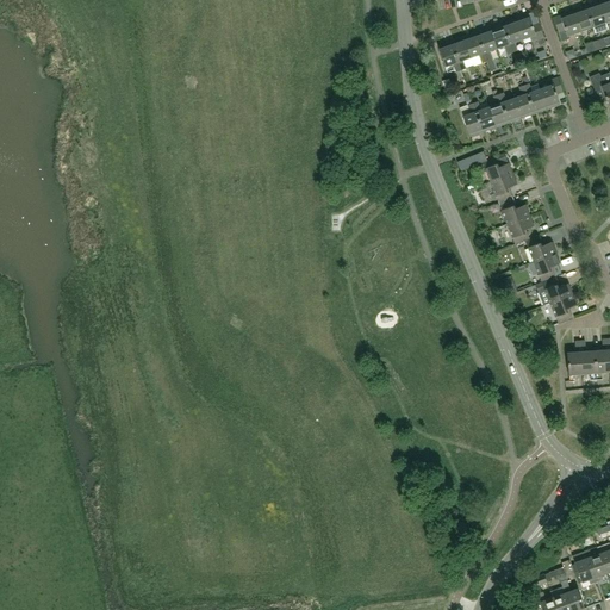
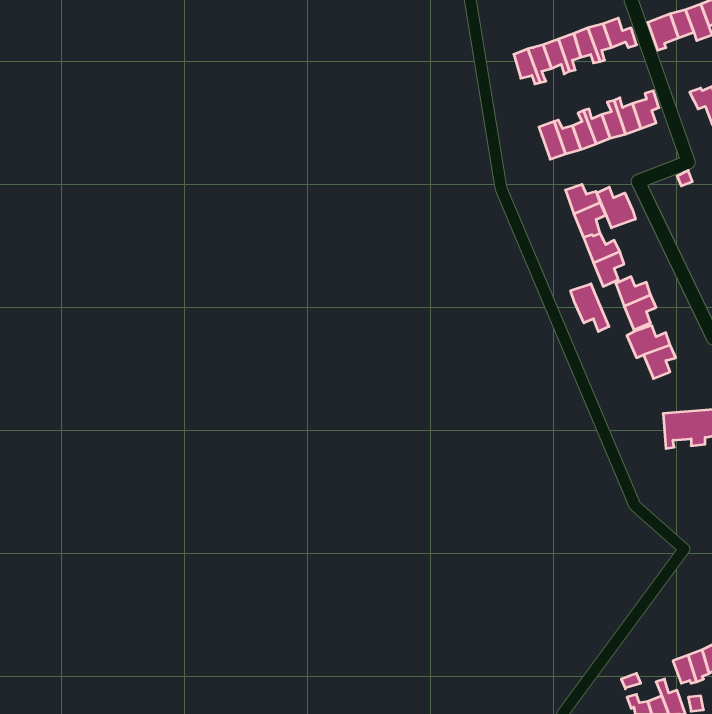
building: none -> [597,187,635,228]
building: none -> [571,284,609,332]

